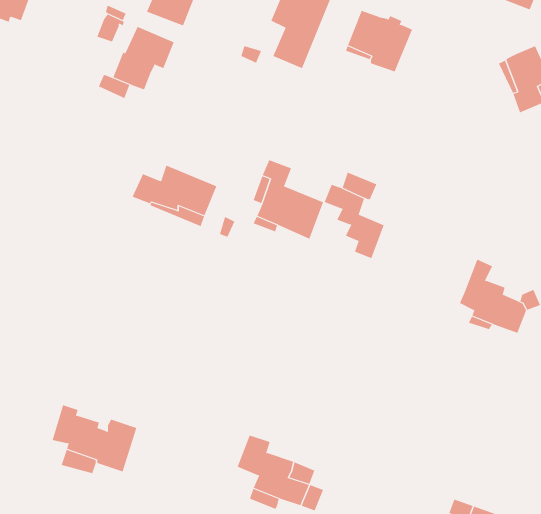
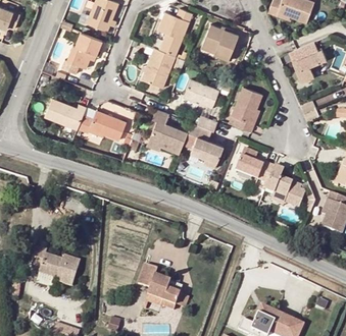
building: none -> [140,47,175,88]
building: none -> [183,78,219,107]
building: none -> [228,86,261,131]
building: none -> [44,100,86,129]
building: none -> [235,148,275,183]

